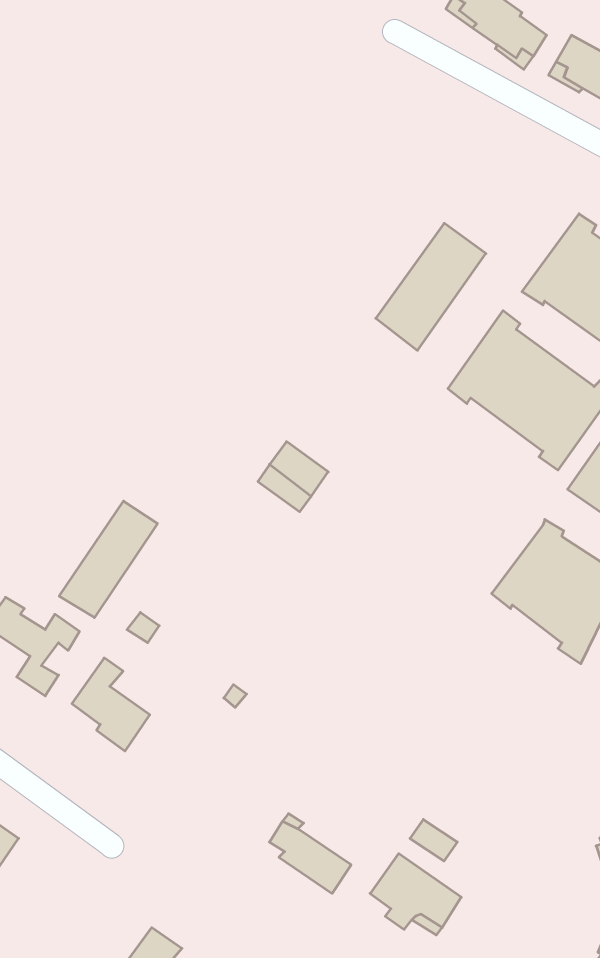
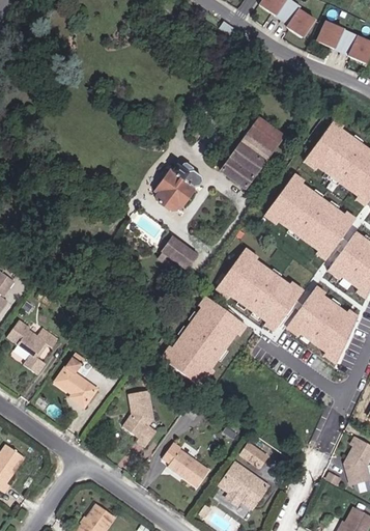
building: none -> [159,166,205,219]
building: none -> [212,243,304,330]
building: [59,501,157,618] -> none
building: none -> [158,294,246,385]
building: none -> [124,396,156,448]

